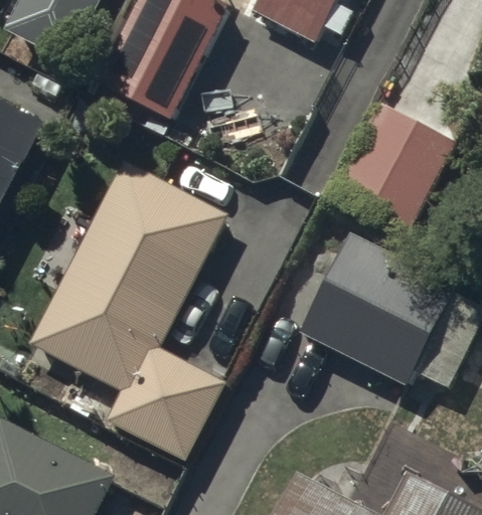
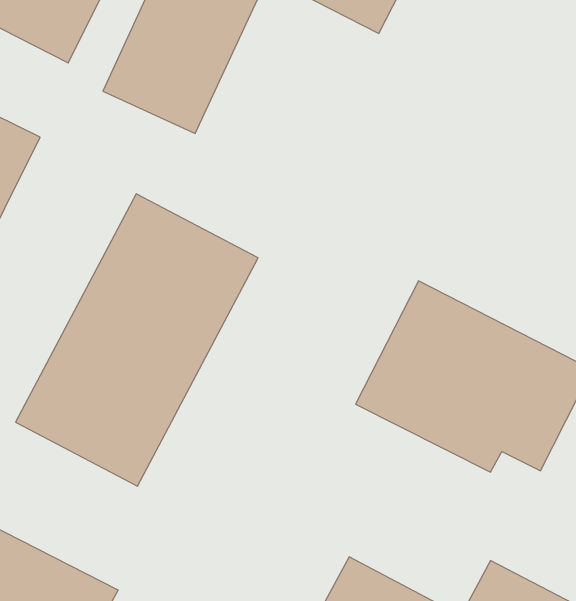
building: [329,105,454,236] -> none
building: [120,345,228,459] -> none

